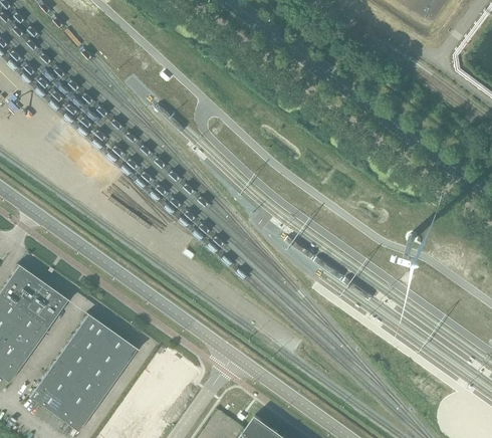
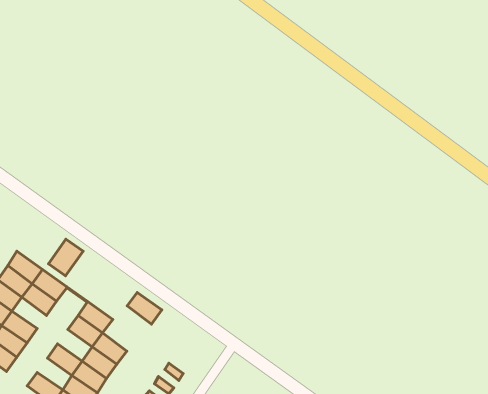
building: none -> [48,239,83,276]
building: [13,310,47,342] -> none
building: [102,333,137,364] -> [127,292,162,324]
building: [58,343,92,374] -> none
building: [38,371,72,402] -> none

